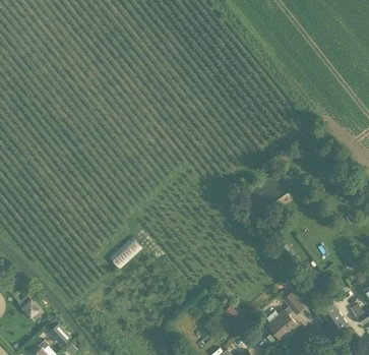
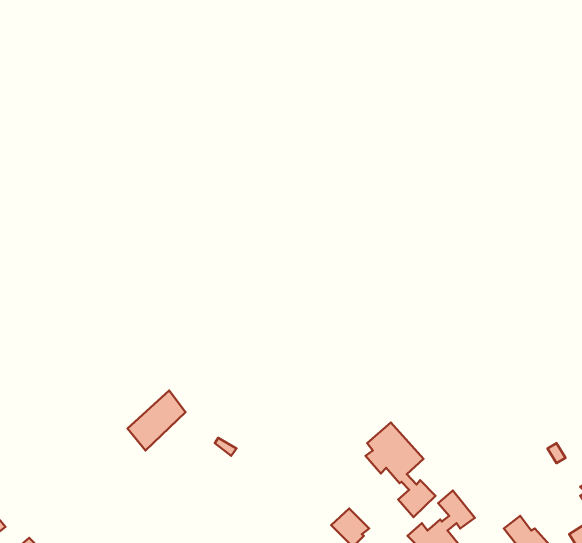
building: none -> [366,423,435,517]

